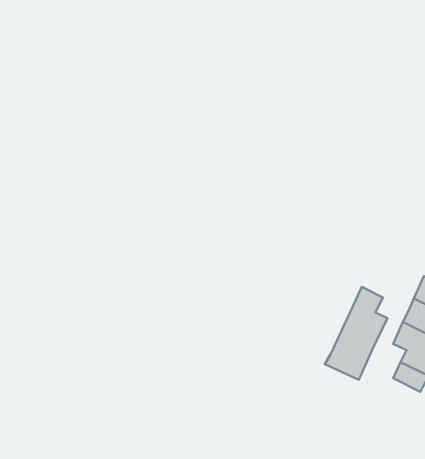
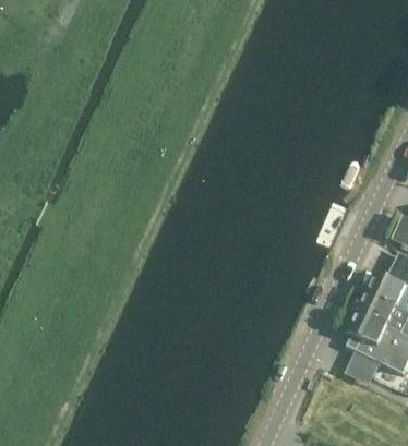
building: [325,287,388,380] -> none

